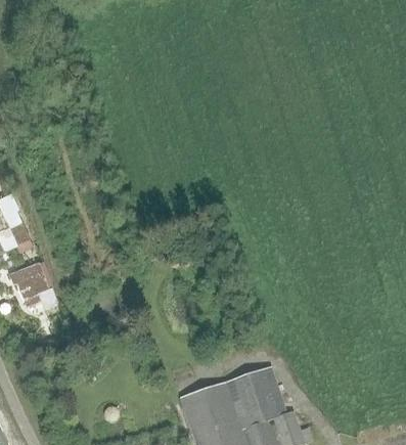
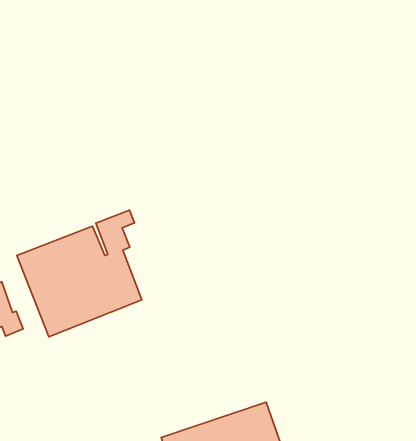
building: none -> [17,210,142,337]

